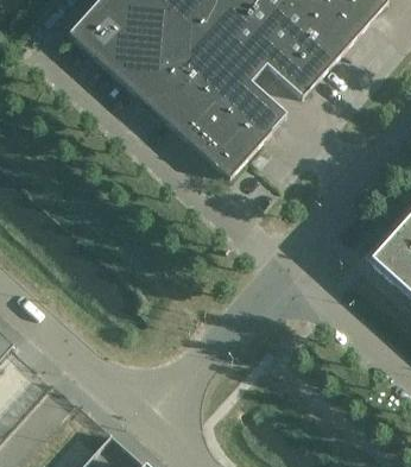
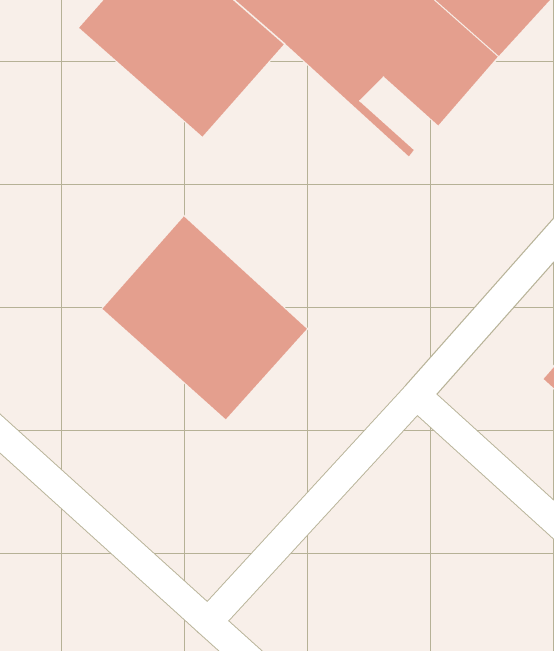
building: [148,44,283,177] -> [101,216,308,420]

